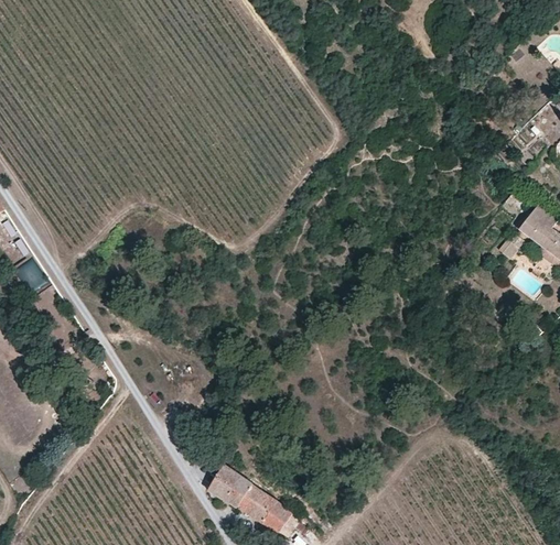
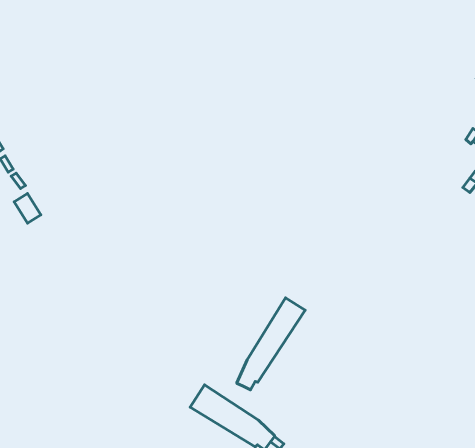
building: none -> [237,298,305,390]

